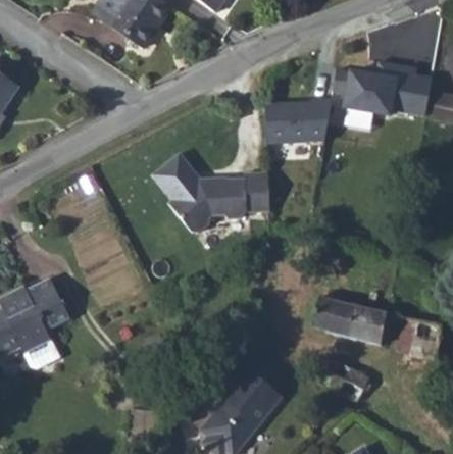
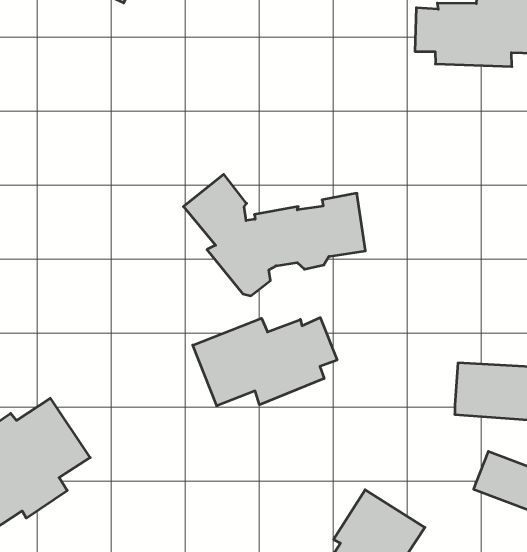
building: [262,94,329,142] -> none
building: none -> [193,318,337,406]

